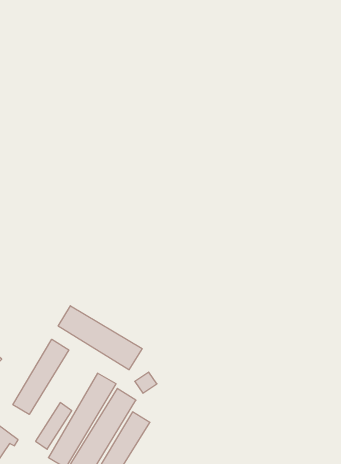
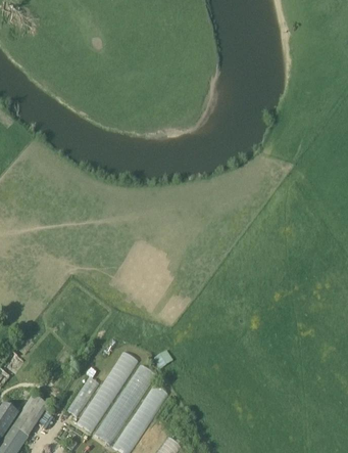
building: [58,306,142,370] -> none
building: [13,339,69,414] -> none

